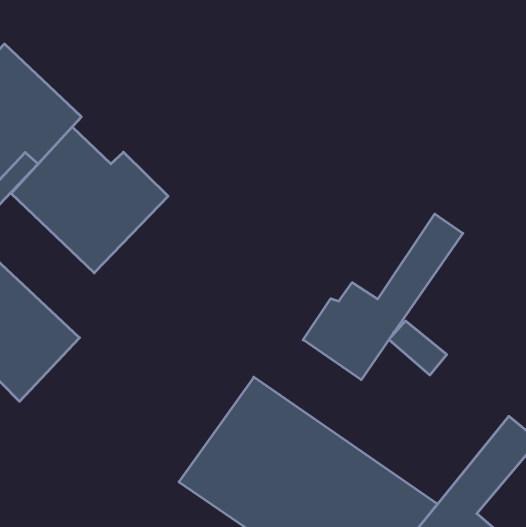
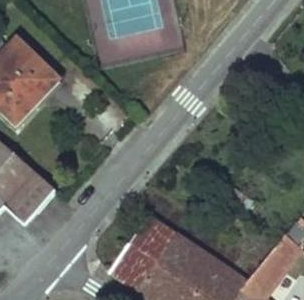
building: [11,127,168,273] -> none
building: [303,214,463,380] -> none

